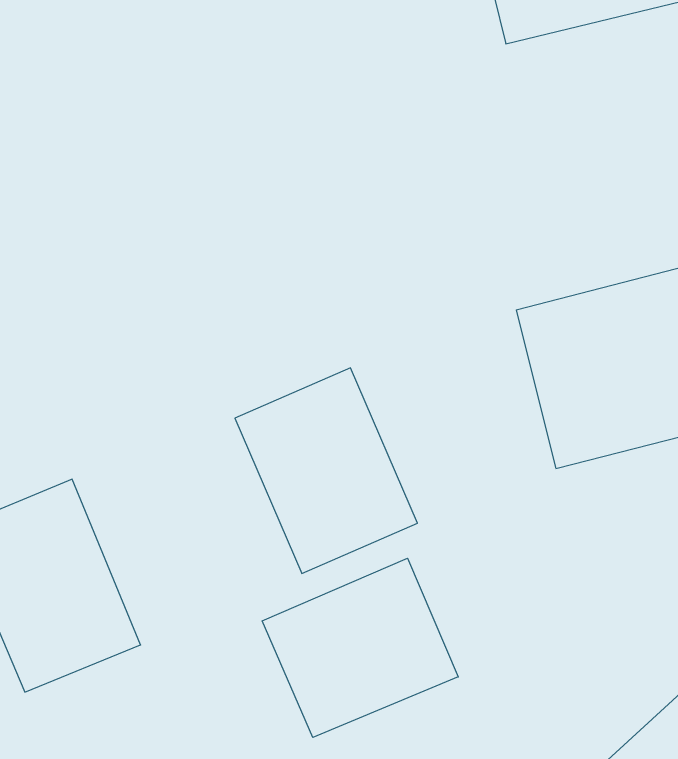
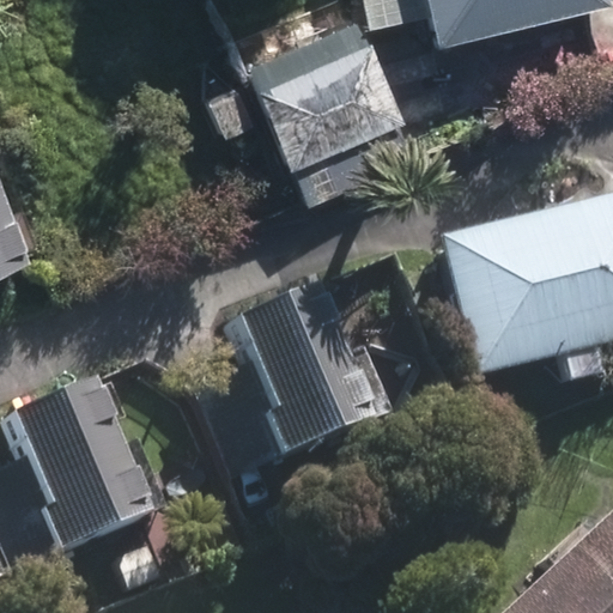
building: none -> [266,44,400,159]
building: [262,558,458,737] -> none

